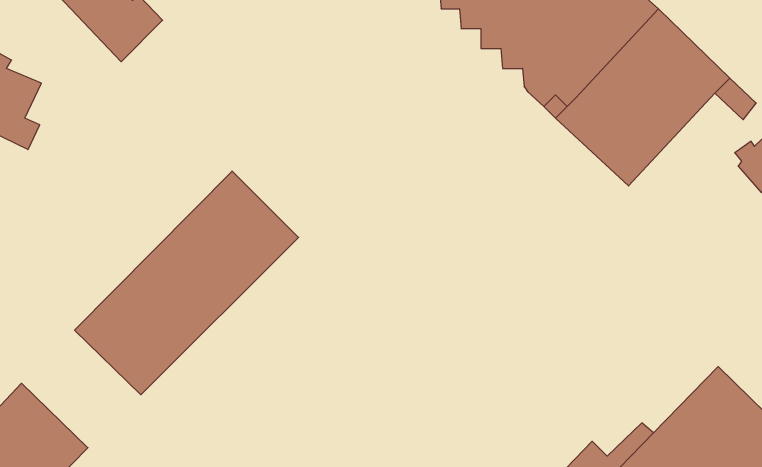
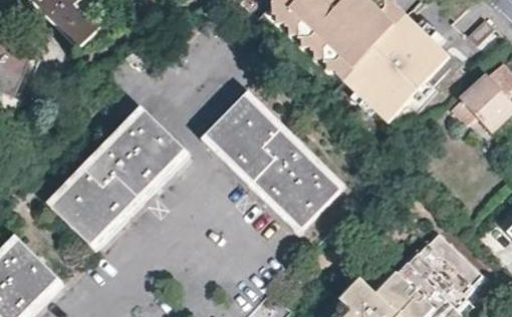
building: none -> [205,94,339,229]

